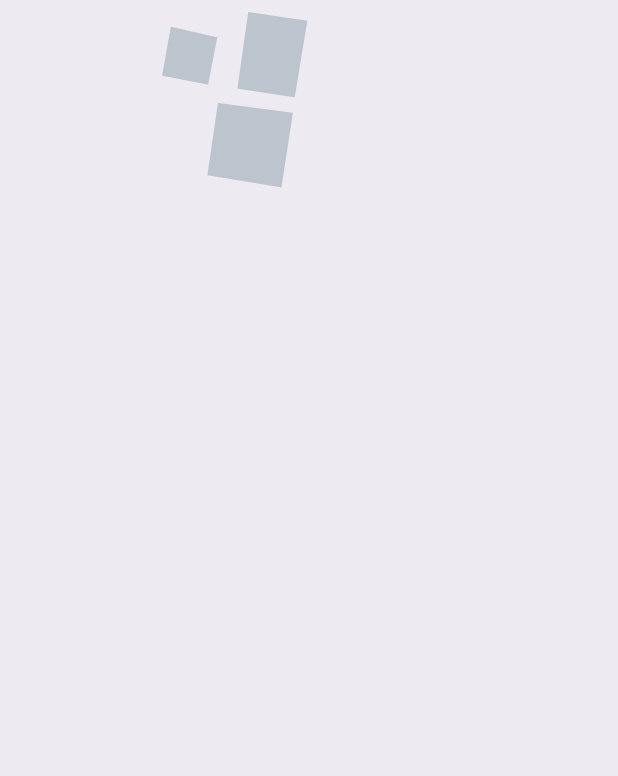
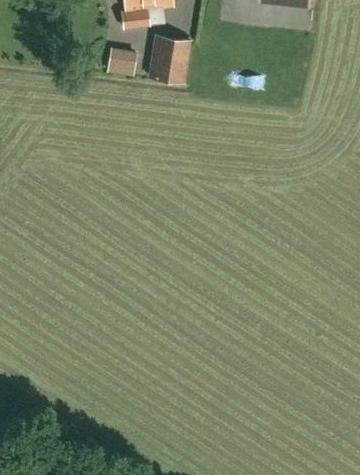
building: [207,102,293,188] -> none

